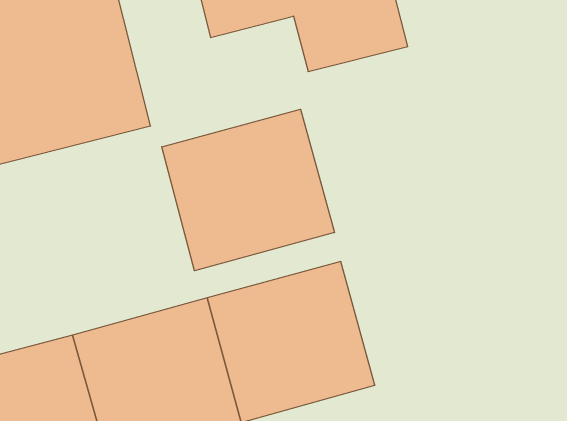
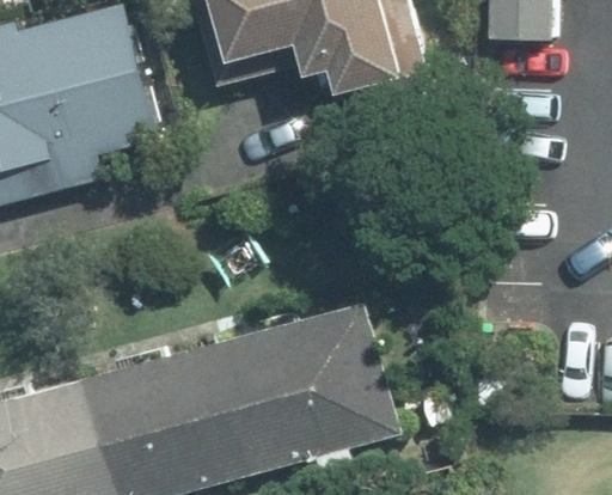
building: [162,109,334,271] -> none

